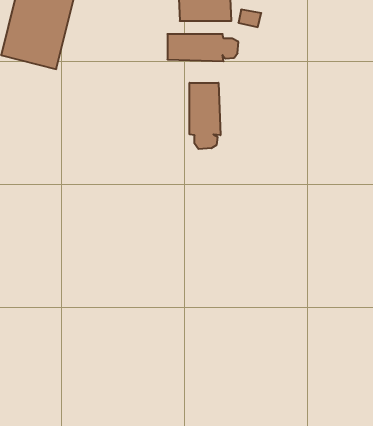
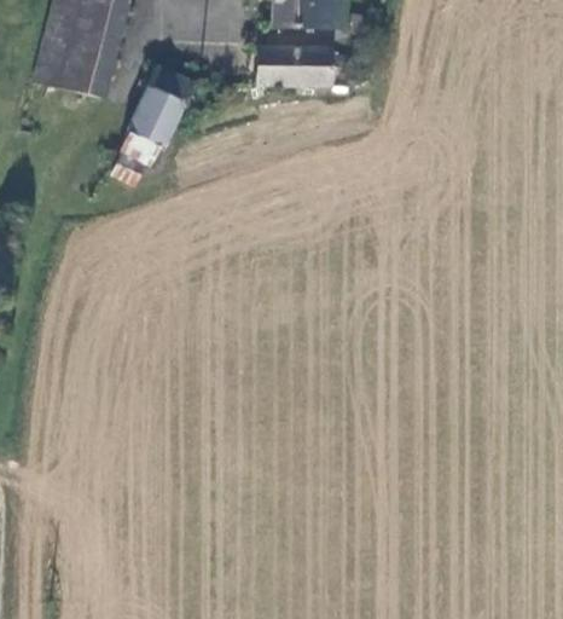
building: none -> [124,66,195,164]
building: [190,83,220,149] -> none

